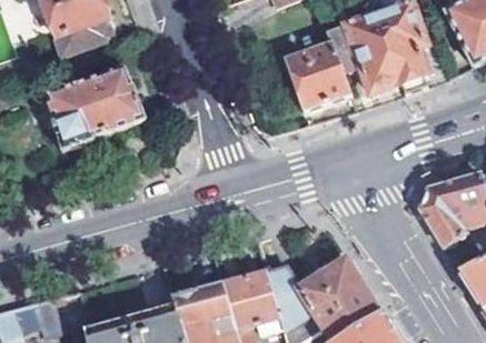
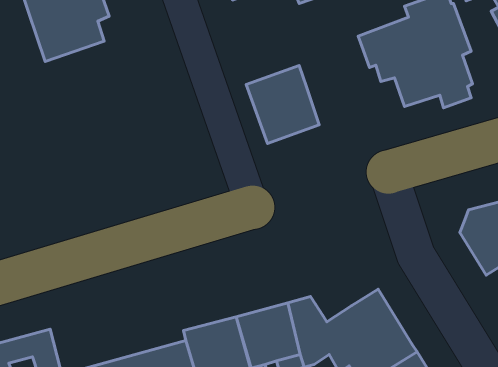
building: [286,44,350,113] -> [246,66,319,144]
building: [42,69,145,151] -> none

